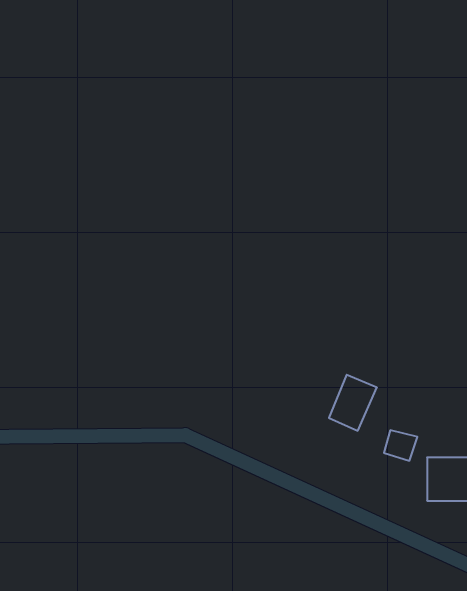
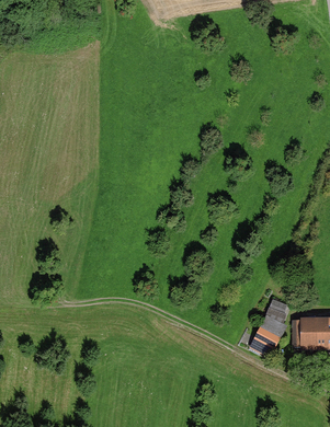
building: [329,375,377,431] -> [252,315,285,354]

